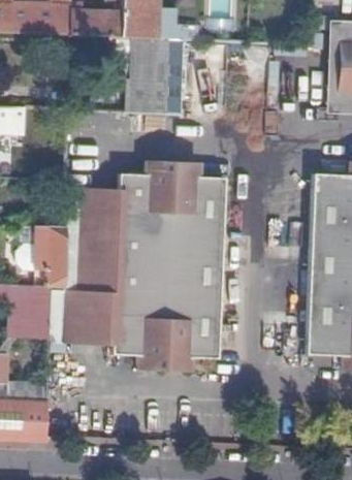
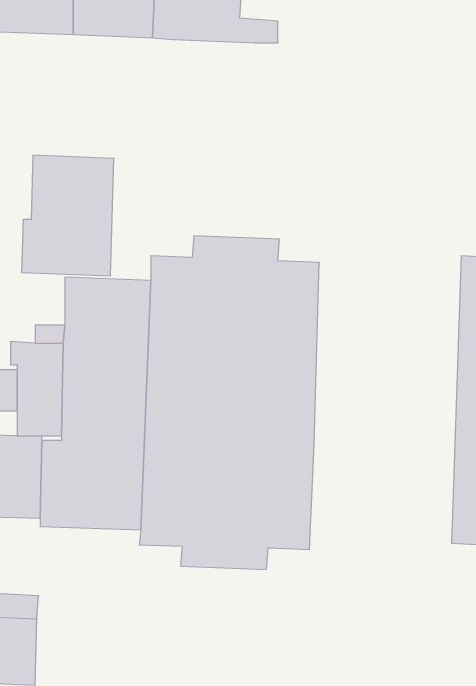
building: [127,38,185,114] -> [21,155,114,276]

